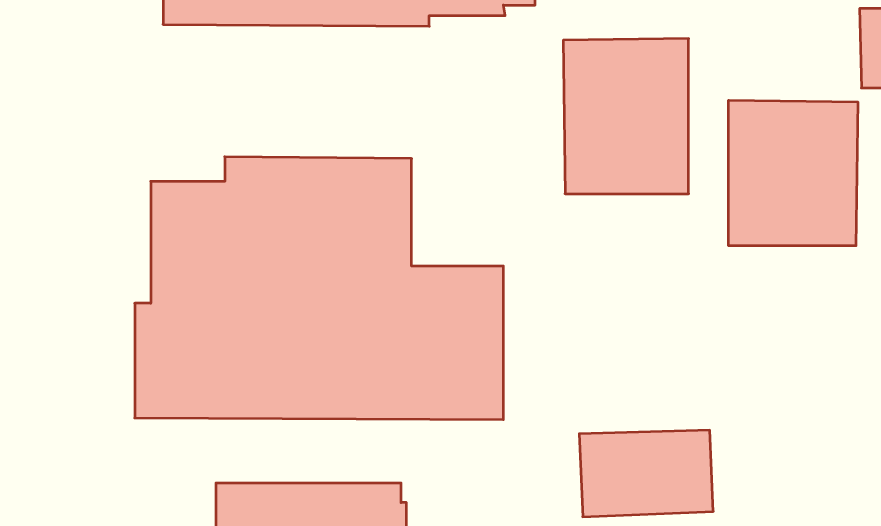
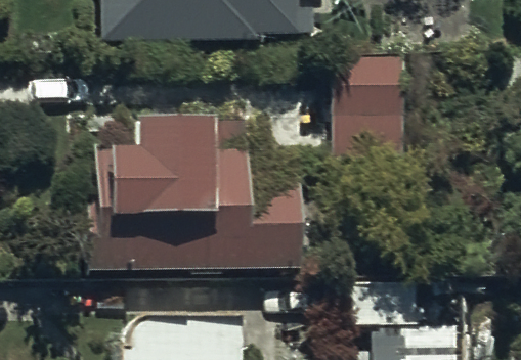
building: [729,100,858,246] -> none

